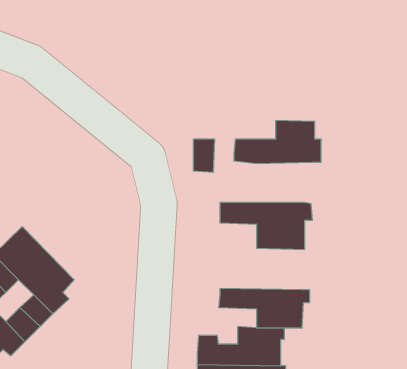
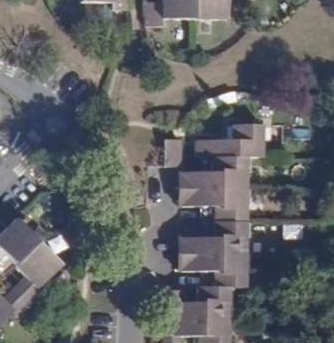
building: none -> [180,157,253,189]
building: none -> [180,225,252,258]

